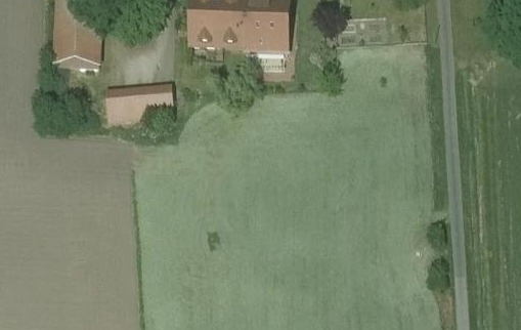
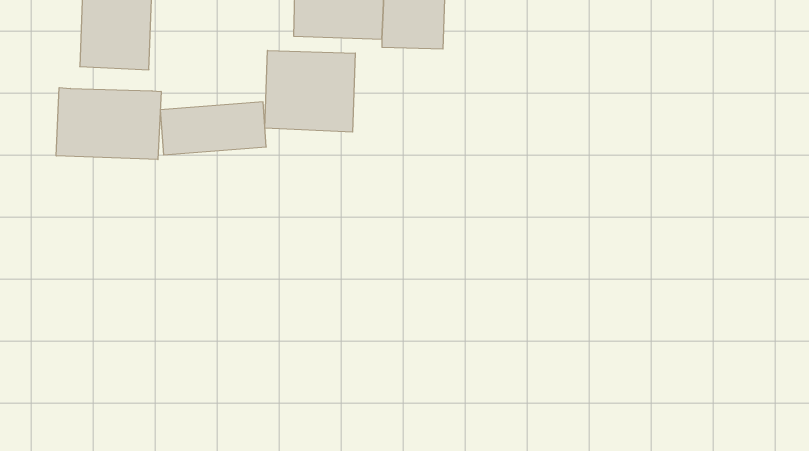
building: none -> [265,50,355,132]
building: none -> [56,88,161,160]

